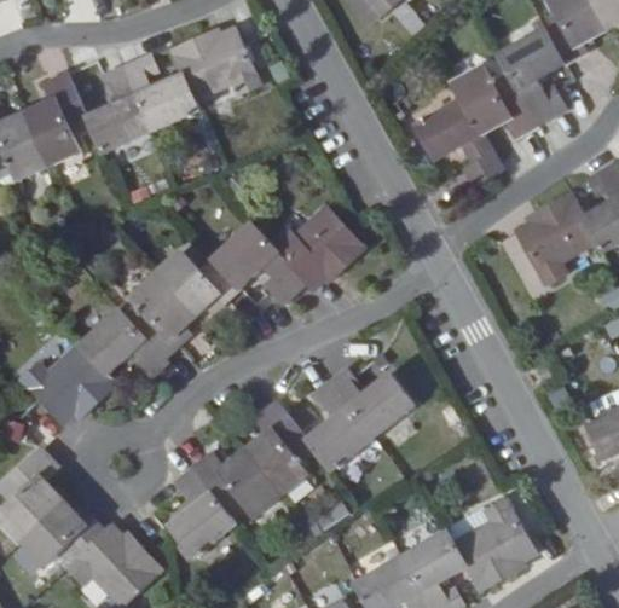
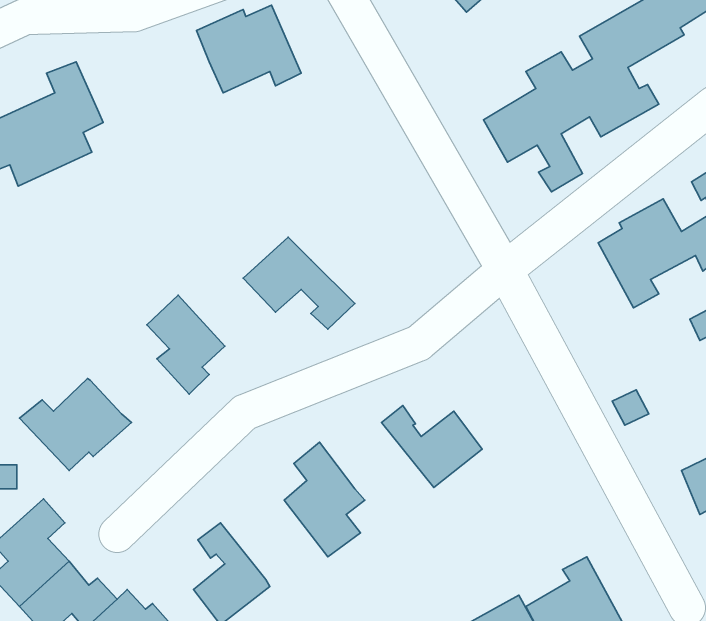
building: [87,58,198,152] -> none
building: [268,205,364,288] -> none
building: [155,250,238,317] -> none
building: [80,308,167,376] -> none
building: [306,382,374,470] -> none
building: [191,448,283,520] -> none

